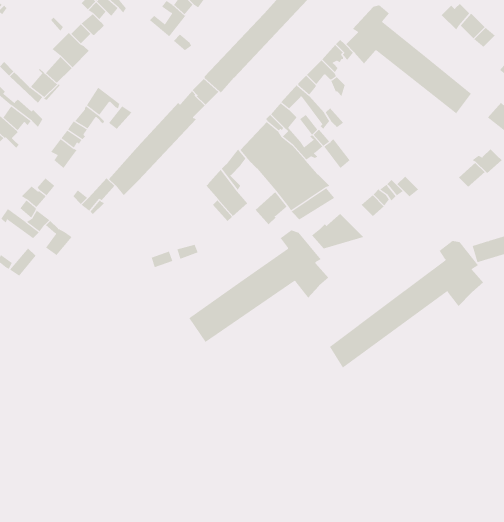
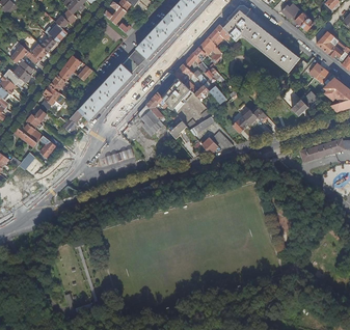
building: [188,230,329,343] -> none
building: [329,240,484,369] -> none

